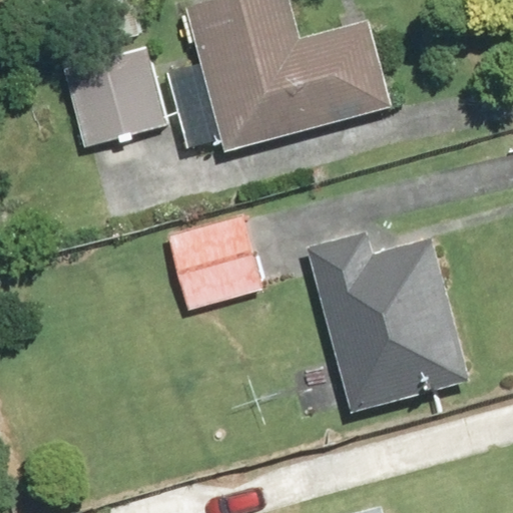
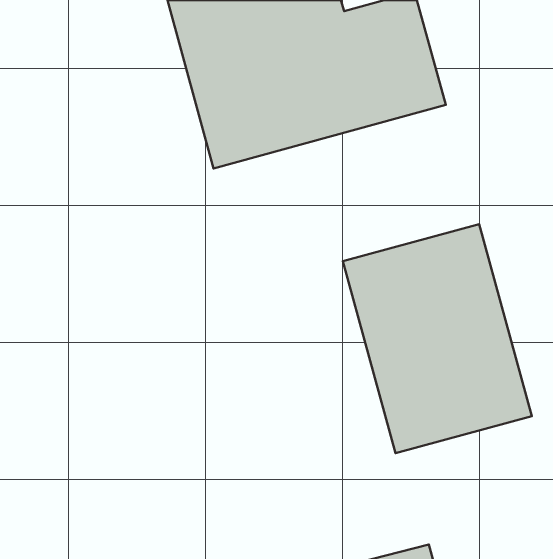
building: [51,41,169,158] -> none
building: [167,212,270,319] -> none

